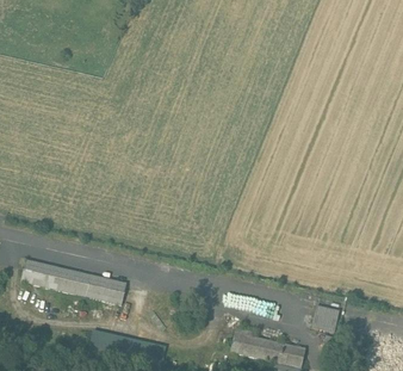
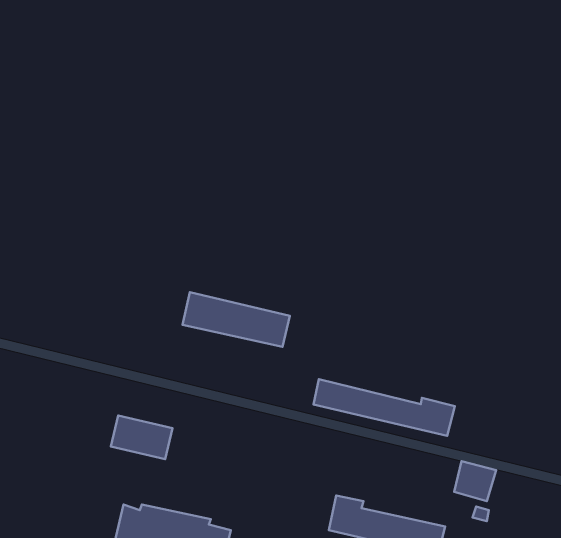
building: none -> [314,379,455,436]
building: [23,260,93,296] -> [183,292,290,347]

